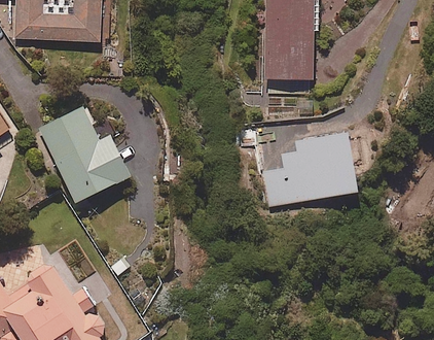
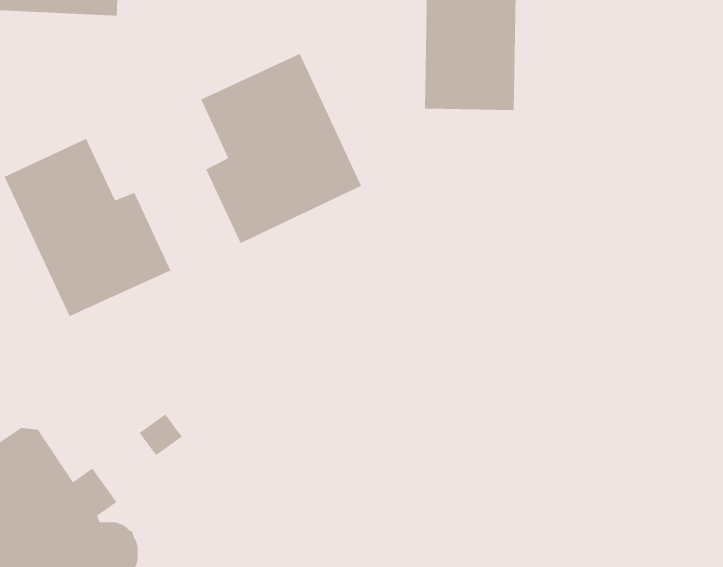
building: none -> [200,53,362,244]
building: [261,132,359,206] -> none

